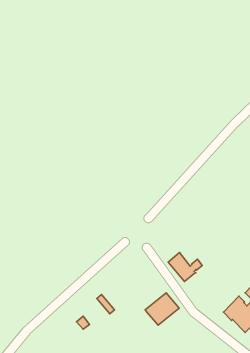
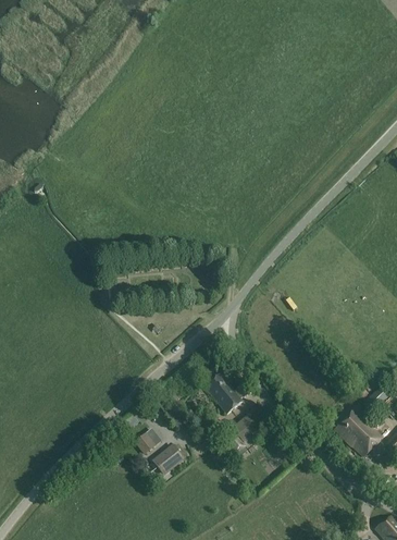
building: [168,253,202,282] -> [204,375,250,414]
building: none -> [153,445,186,474]

